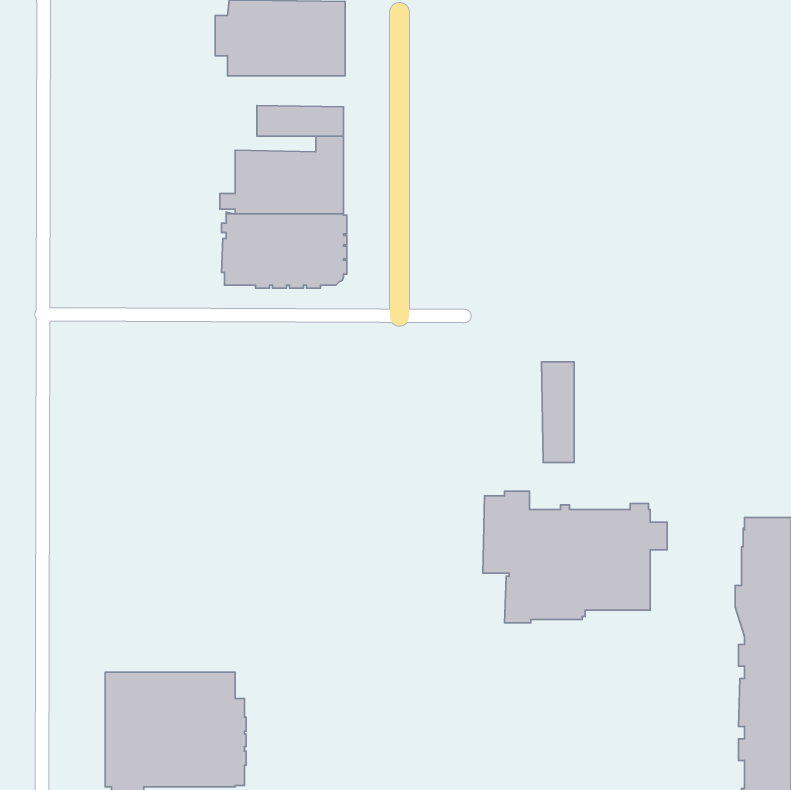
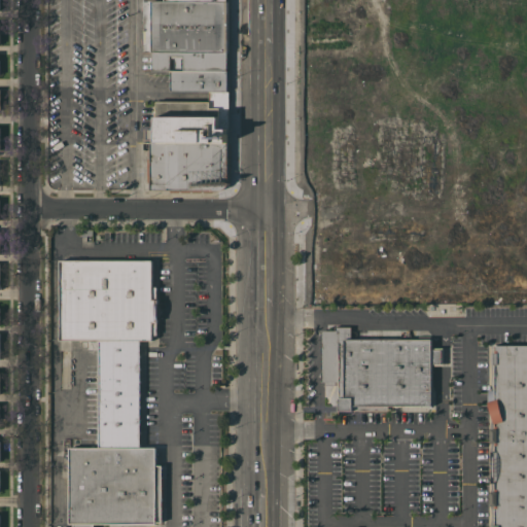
building: none -> [151,51,230,72]
building: [542,362,574,462] -> none
building: none -> [61,260,159,448]

